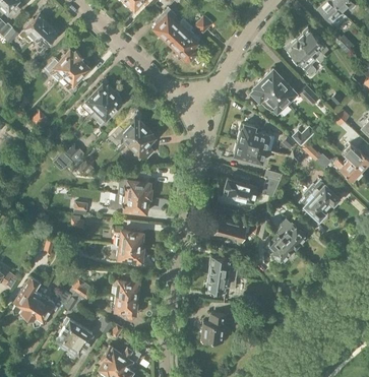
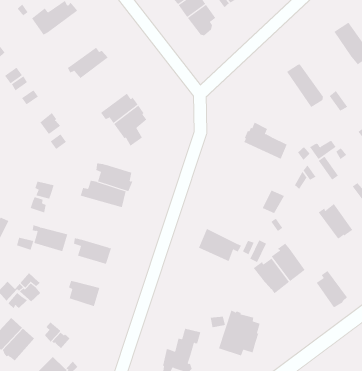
building: [286,38,317,76] -> none
building: [62,56,90,95] -> none
building: [251,77,289,112] -> none
building: [91,90,122,125] -> none
building: [234,141,271,163] -> none
building: [224,178,257,204] -> none
building: [301,189,329,219] -> [316,270,348,308]
building: [114,229,144,247] -> [32,225,68,252]
building: [206,256,238,293] -> [218,310,261,356]
building: [111,295,138,317] -> none

